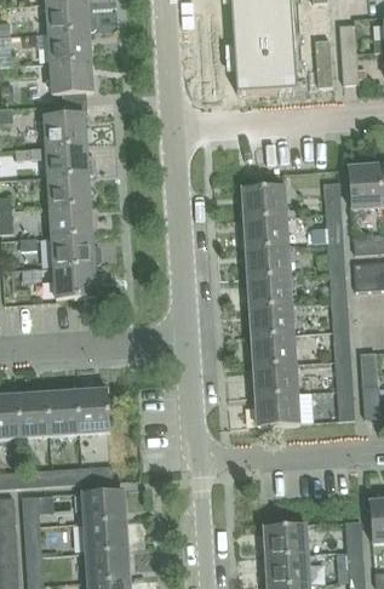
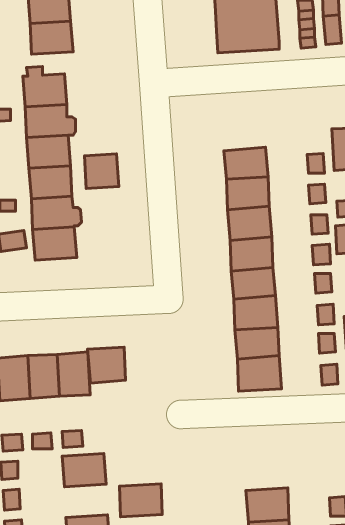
building: none -> [85,154,119,188]
building: none -> [88,347,125,383]
building: [85,519,127,551] -> [119,484,162,517]

